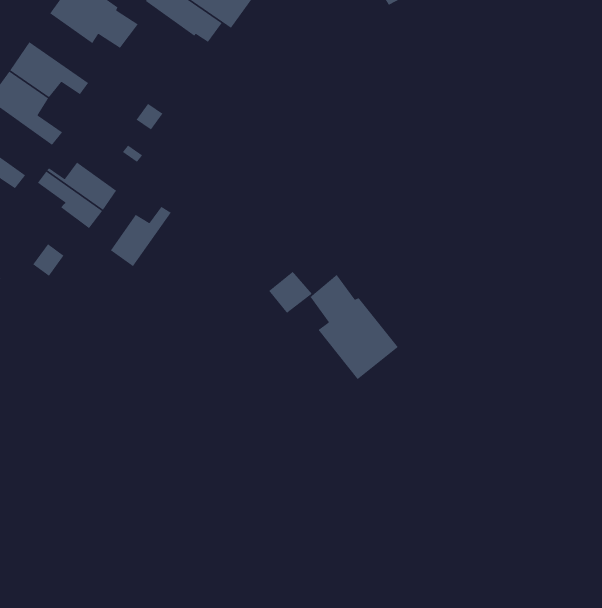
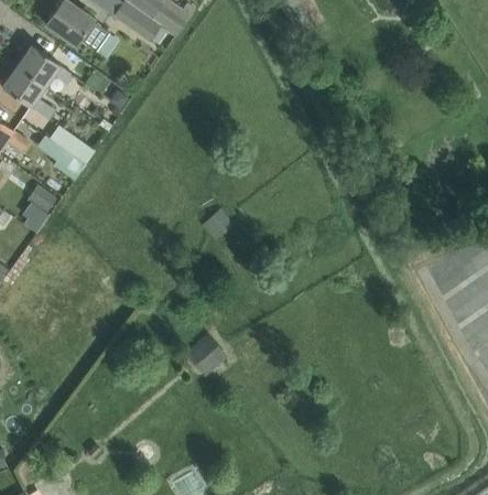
building: [110,206,172,267] -> none
building: [309,274,399,380] -> none
building: none -> [185,333,227,376]

